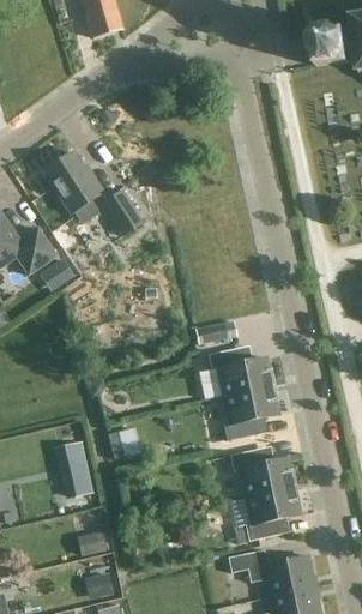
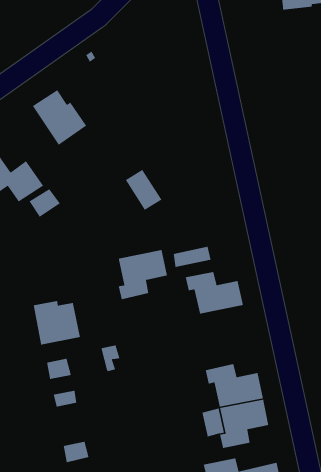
building: [101,189,141,235] -> [125,169,162,211]
building: none -> [33,300,81,346]
building: [224,385,278,440] -> [118,249,168,300]

